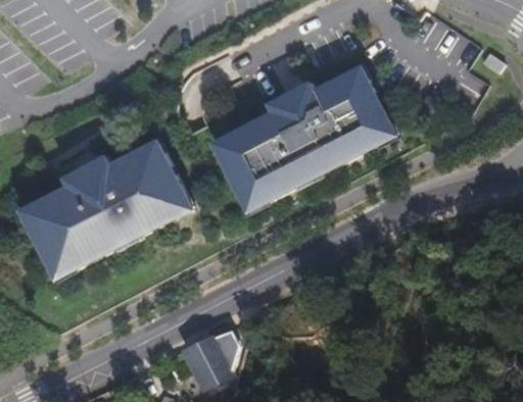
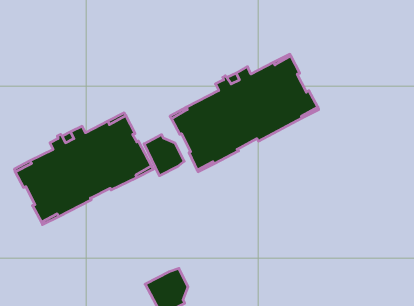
building: none -> [144,135,184,176]

